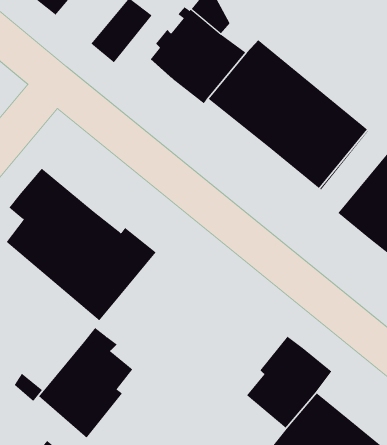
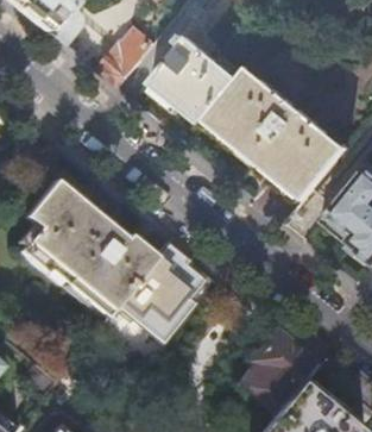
building: [38,327,133,438] -> [115,245,201,345]

